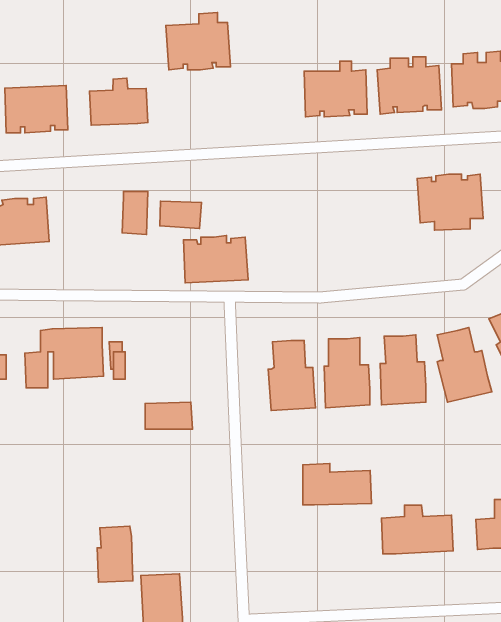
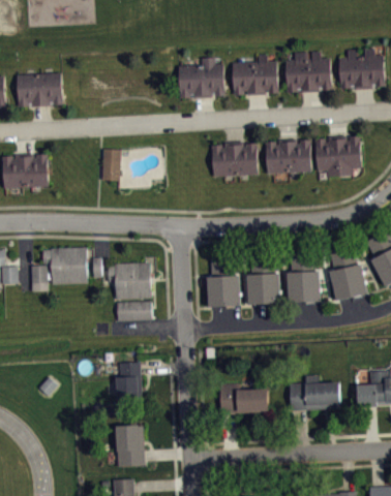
building: [166,12,230,70] -> [178,57,224,98]
building: [90,78,148,125] -> none
building: none -> [266,138,312,174]
building: [160,201,202,228] -> none
building: [184,236,248,283] -> [212,142,259,176]
building: none -> [108,261,151,301]
building: [303,463,371,505] -> [219,383,269,413]
building: [97,526,133,582] -> [116,362,142,402]

